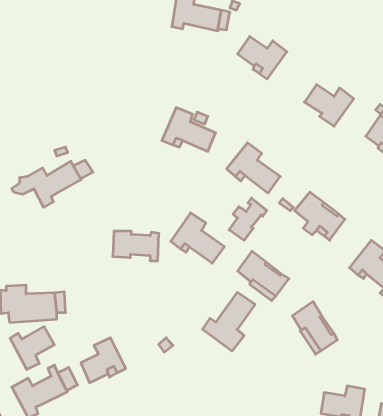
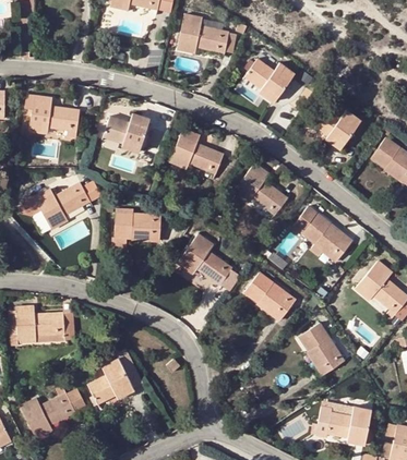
building: none -> [25,95,80,137]
building: none -> [104,113,149,152]
building: [229,198,267,240] -> none
building: [113,231,159,261] -> [115,213,160,242]
building: [203,292,255,351] -> none
building: [10,327,54,370] -> none

